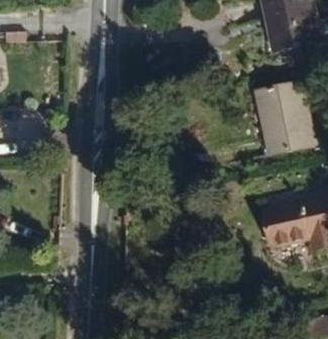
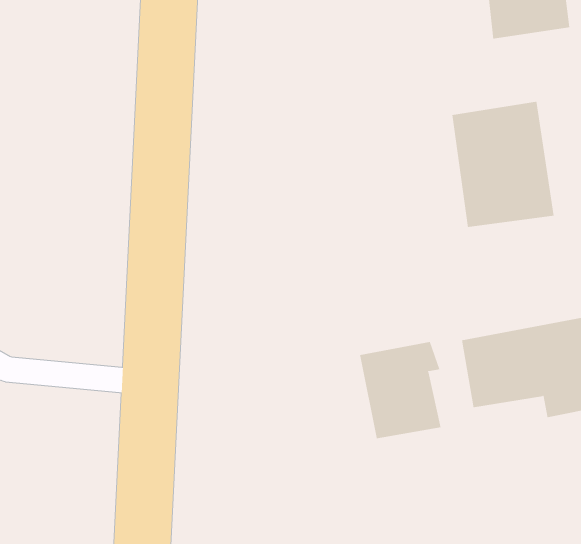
building: none -> [359,341,441,439]

